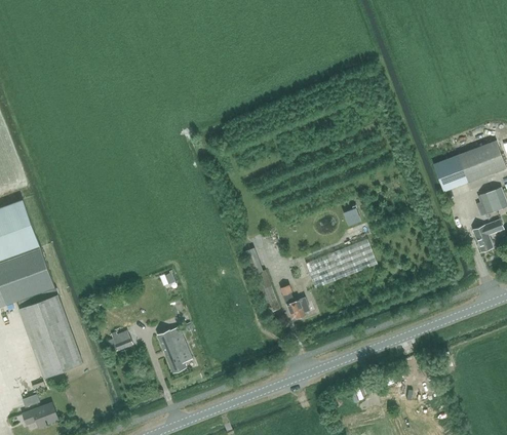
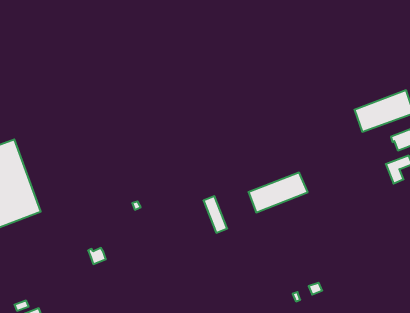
building: [279,284,308,318] -> none
building: [17,286,82,378] -> none
building: [157,326,192,372] -> none

